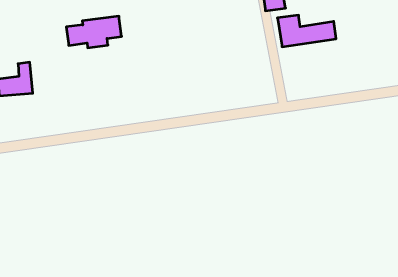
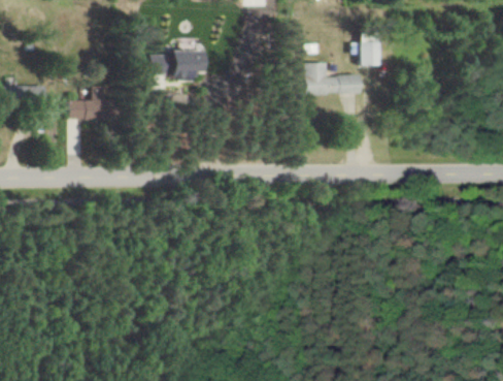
building: [277,15,336,47] -> [304,63,363,94]

